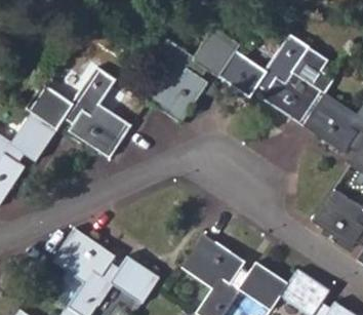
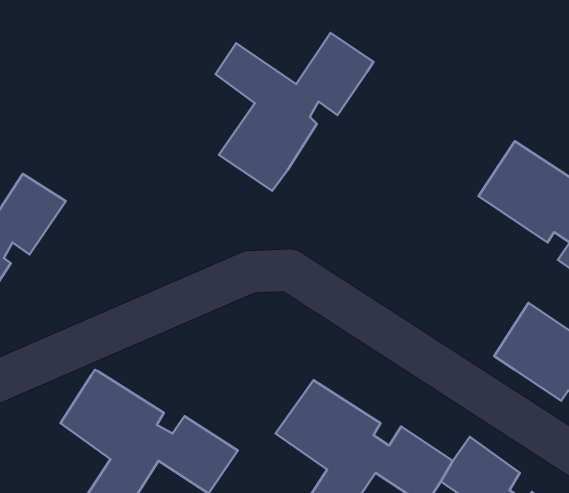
building: [218,36,333,125] -> none
building: [26,68,131,158] -> none

